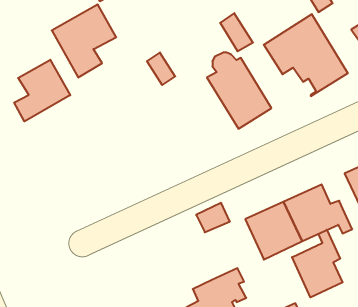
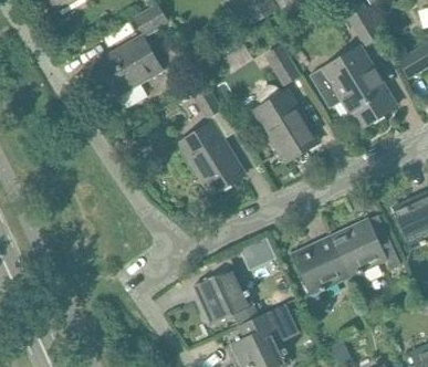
building: [14,60,70,121] -> none
building: none -> [179,122,243,193]
building: [292,230,343,297] -> none
building: none -> [194,265,257,324]

